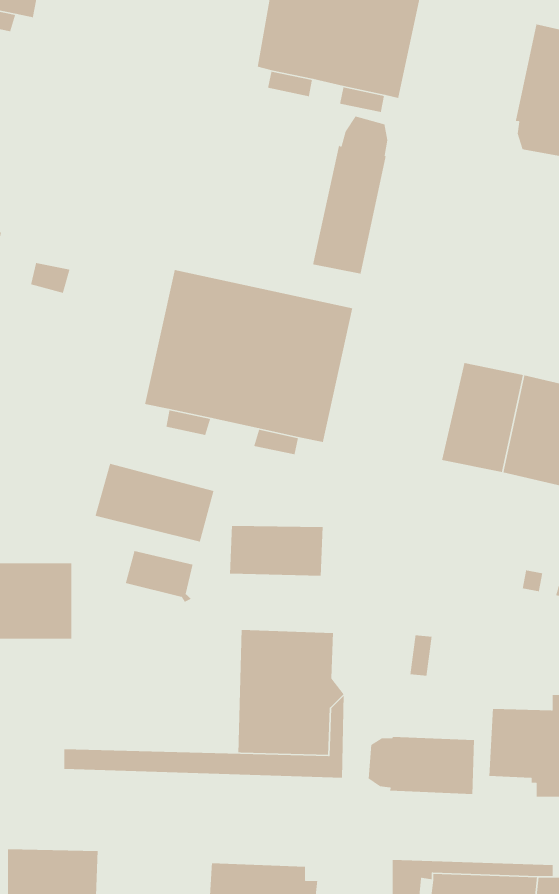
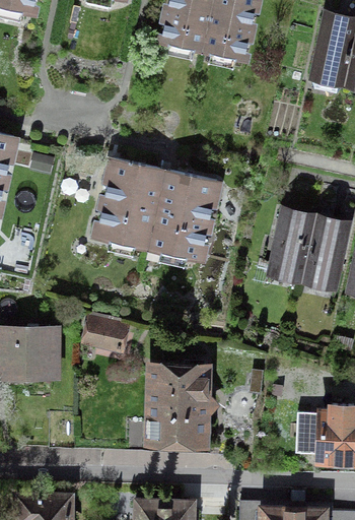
building: [312,116,388,275] -> none
building: [95,463,215,542] -> none
building: [229,525,324,577] -> none
building: [368,736,475,795] -> none

